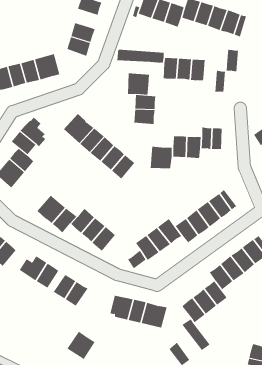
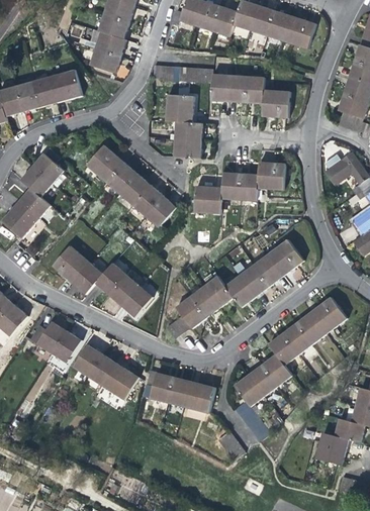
building: none -> [98,13,129,37]
building: [226,49,239,72] -> [261,89,277,117]
building: [66,331,95,360] -> [102,363,138,399]

